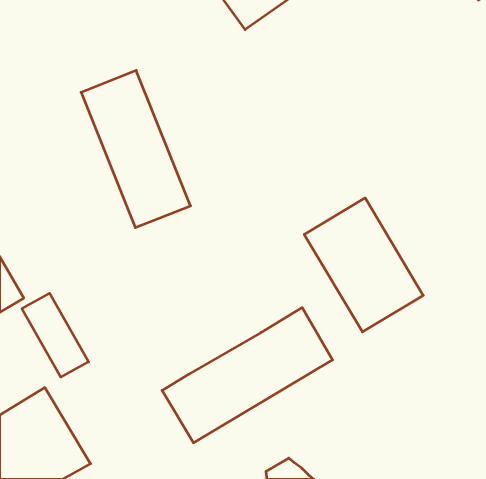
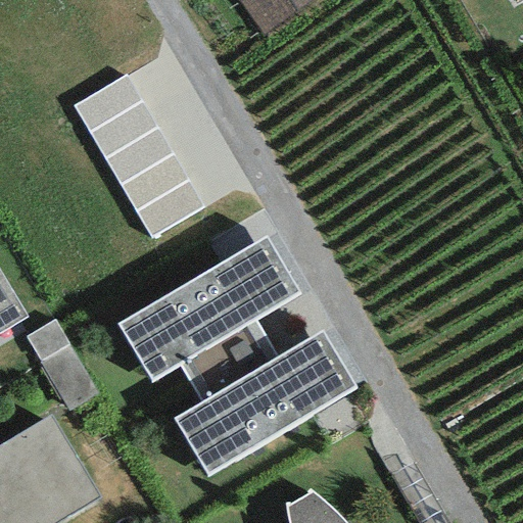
building: [304,198,423,332] -> none
building: none -> [116,236,297,401]

